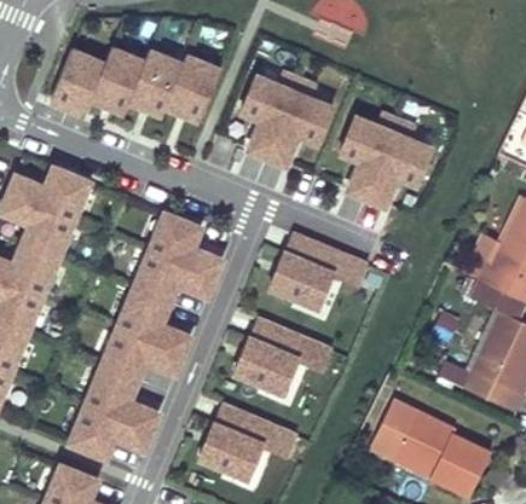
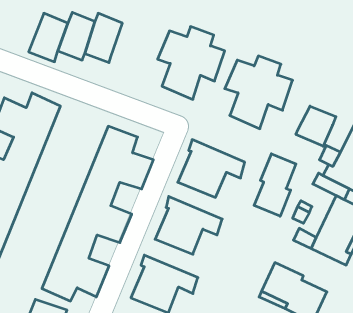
building: [167,53,221,124] -> none
building: none -> [296,106,336,146]
building: none -> [254,154,296,216]

